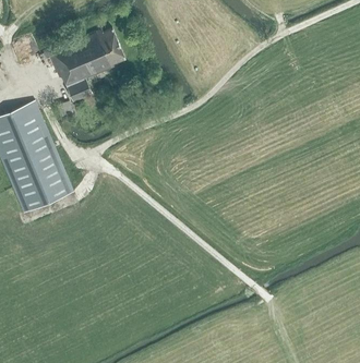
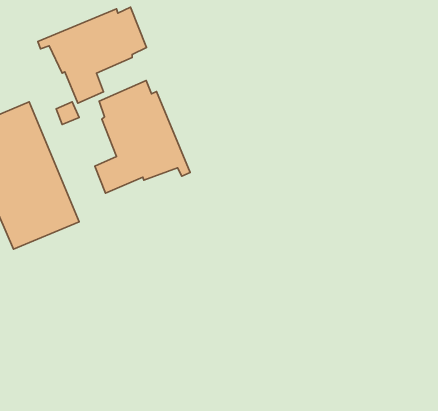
building: none -> [95,80,190,193]

